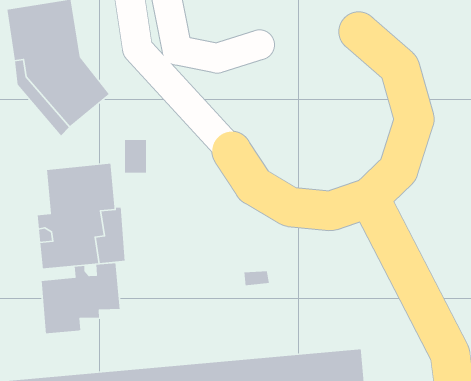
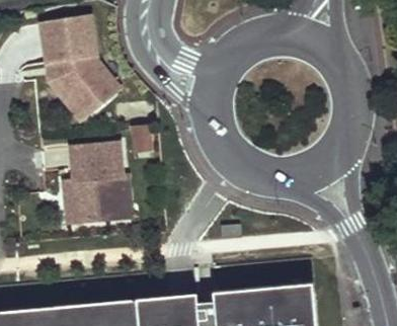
building: [41,262,120,334] -> none

